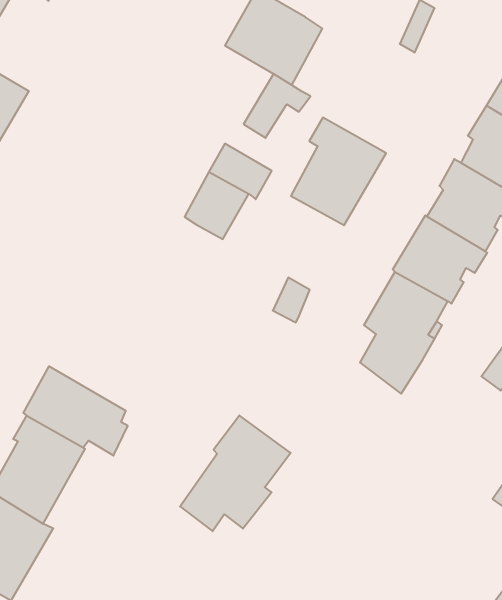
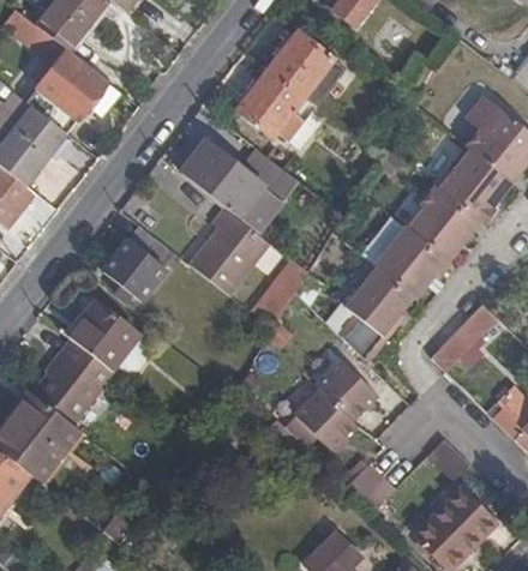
building: none -> [236,71,301,134]
building: [291,118,386,225] -> [191,208,270,294]
building: none -> [180,142,240,200]
building: none -> [103,226,176,300]
building: [180,415,291,531] -> [284,360,377,449]
building: none -> [346,463,394,510]

